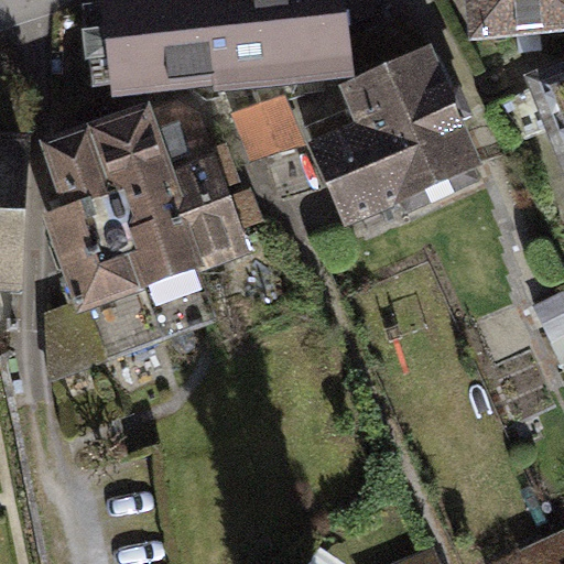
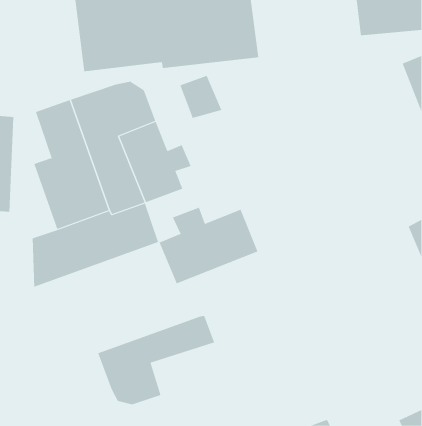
building: [300,23,470,223] -> none
building: none -> [159,207,258,284]
building: none -> [97,315,215,405]

